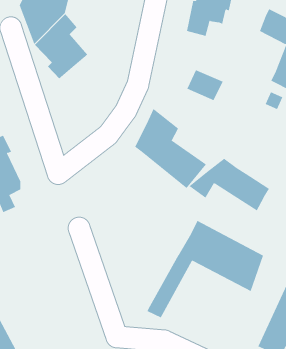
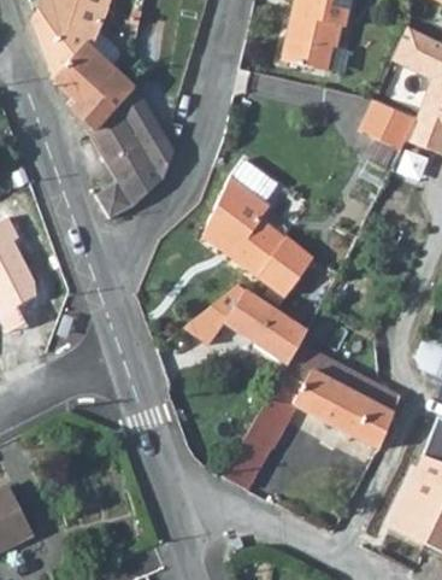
building: none -> [88,93,173,219]
building: [187,70,224,101] -> [360,100,416,147]
building: [189,158,270,211] -> [185,282,307,362]

